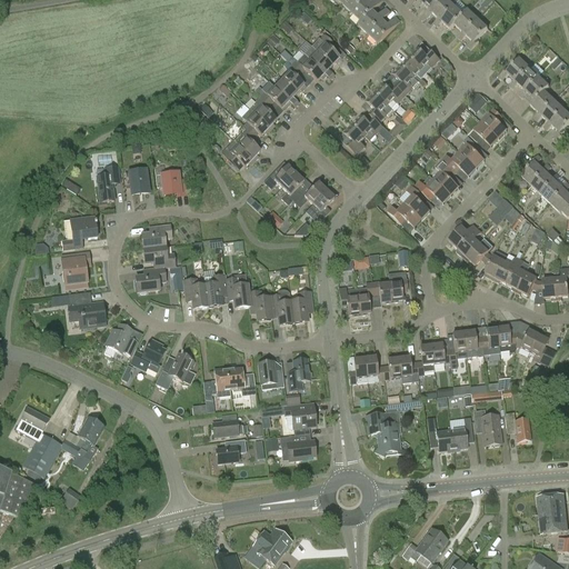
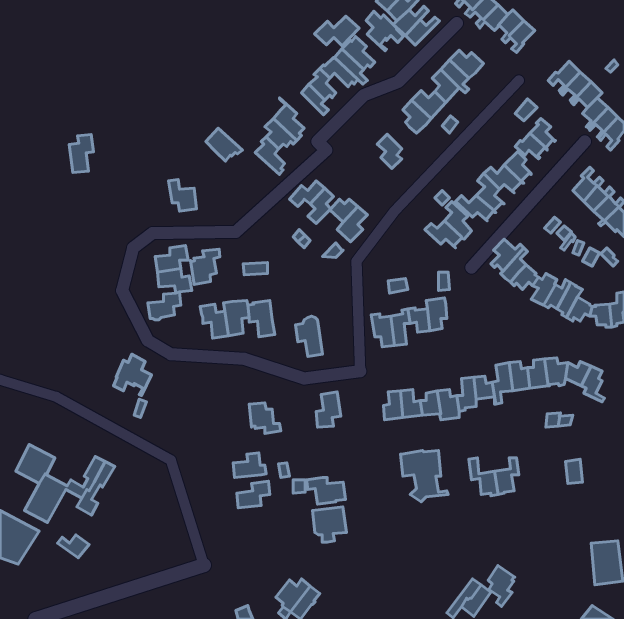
building: none -> [366,11,404,51]
building: none -> [315,16,359,46]
building: [254,80,291,108] -> none
building: [352,113,391,139] -> none
building: [221,139,254,169] -> [206,128,242,161]
building: [96,166,118,200] -> [69,135,93,172]
building: [122,168,147,192] -> none
building: [62,214,97,248] -> none
building: none -> [191,249,220,284]
building: [62,252,89,287] -> none
building: [248,289,272,319] -> none
building: [290,290,312,322] -> none
building: [68,300,103,326] -> none
building: [131,338,166,369] -> none
building: [159,350,196,381] -> none
building: [258,360,284,388] -> none
building: [204,367,231,398] -> none
building: [284,402,316,435] -> [312,507,347,542]
building: [472,408,501,445] -> none
building: none -> [488,566,515,607]

